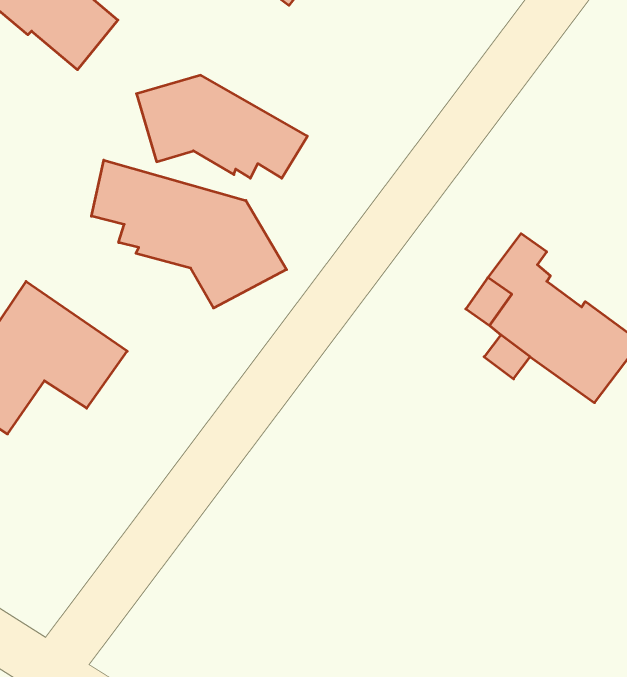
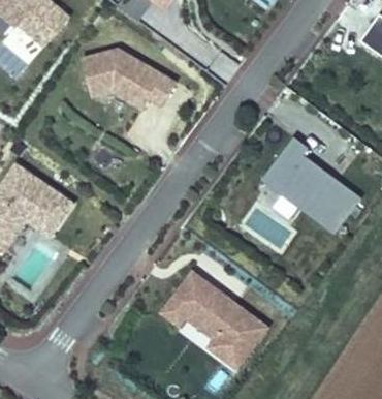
building: [91,160,287,308] -> none
building: none -> [161,270,266,365]

